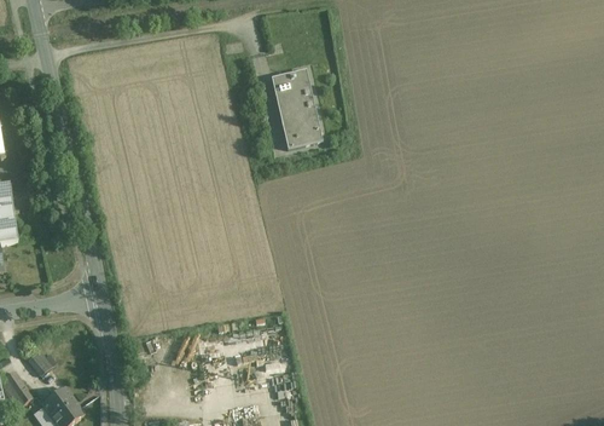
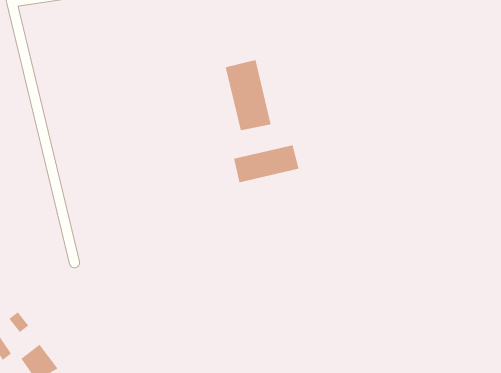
building: none -> [234,145,299,183]

